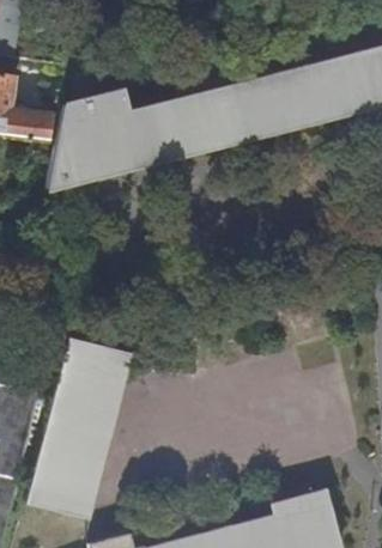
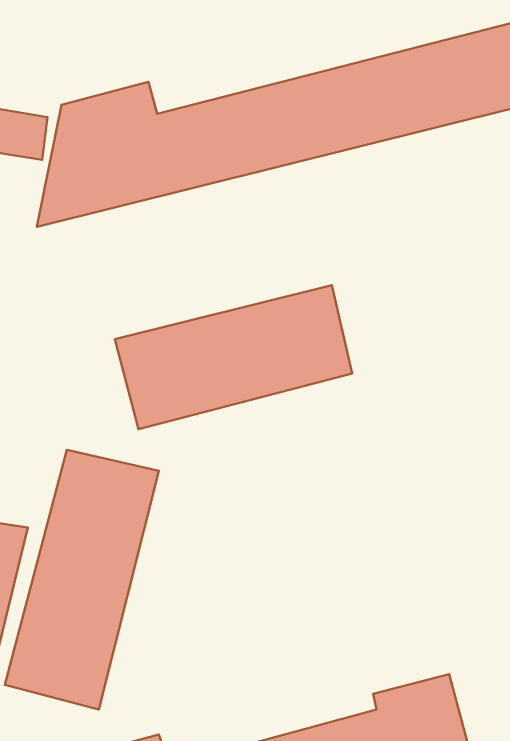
building: none -> [115,285,352,429]

